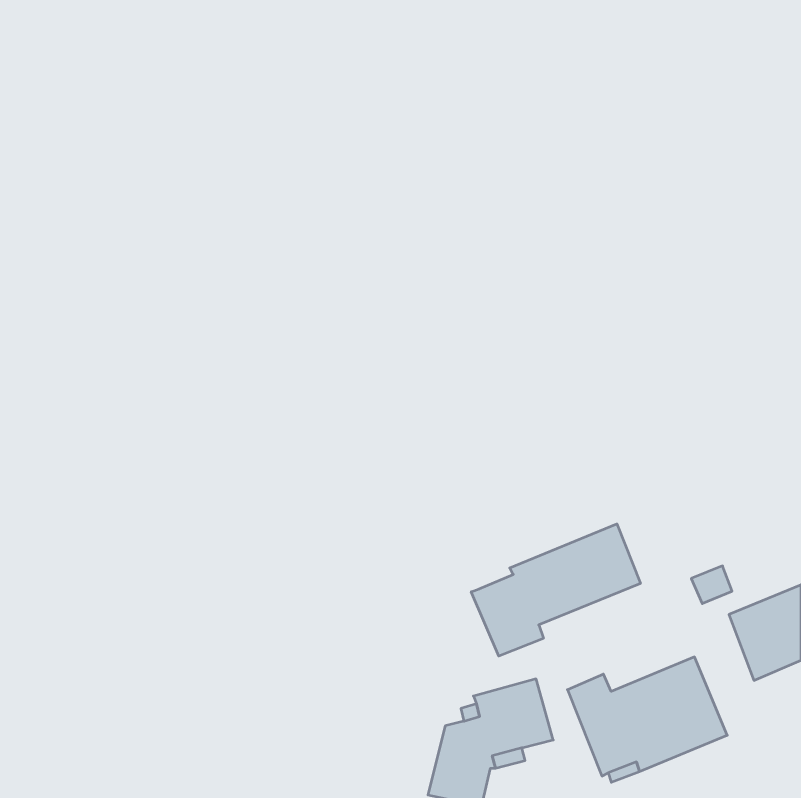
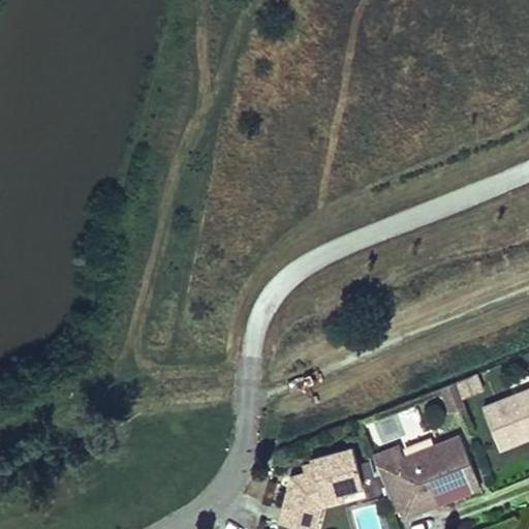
building: [471,524,640,656] -> none

